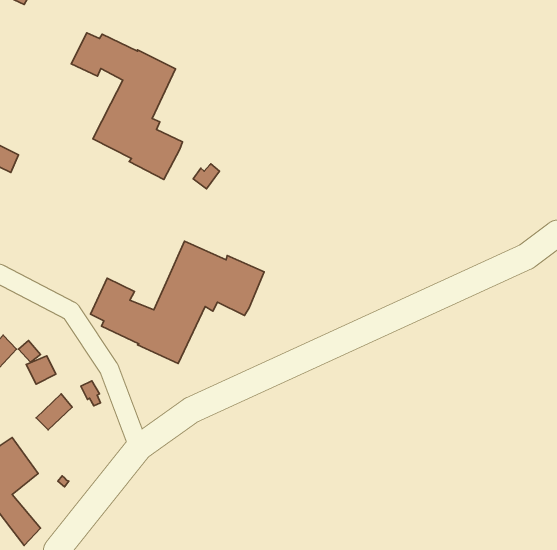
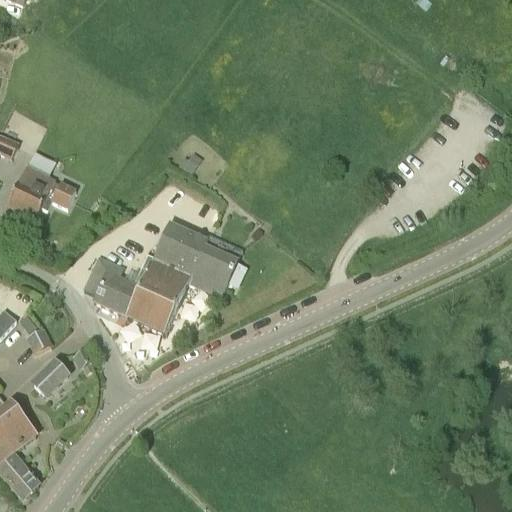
building: [71,33,183,179] -> none
building: none -> [6,163,75,218]

